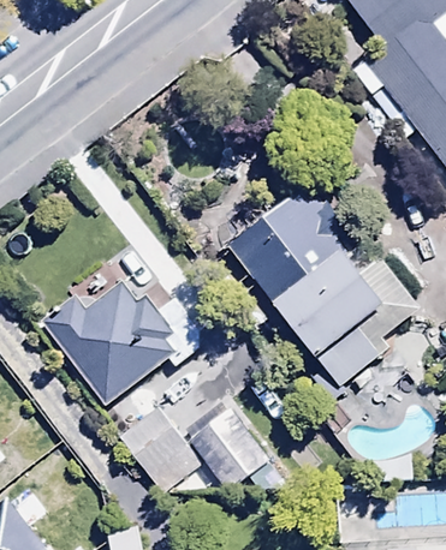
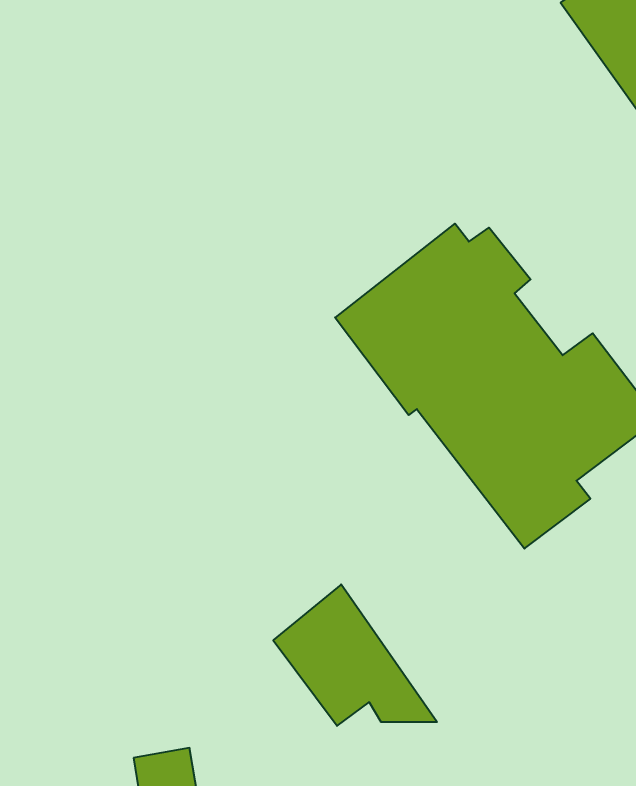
building: [43,282,202,406] -> none
building: [119,408,202,495] -> none

